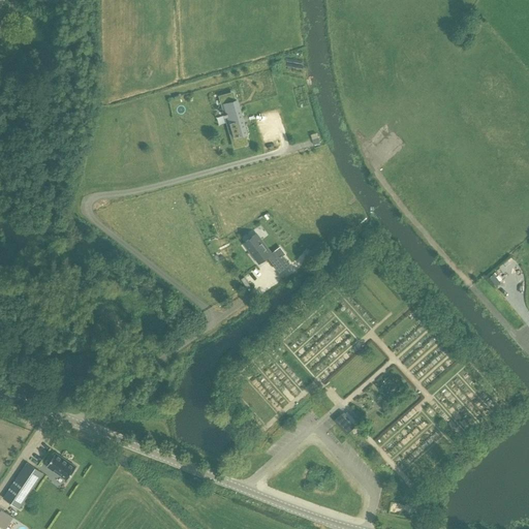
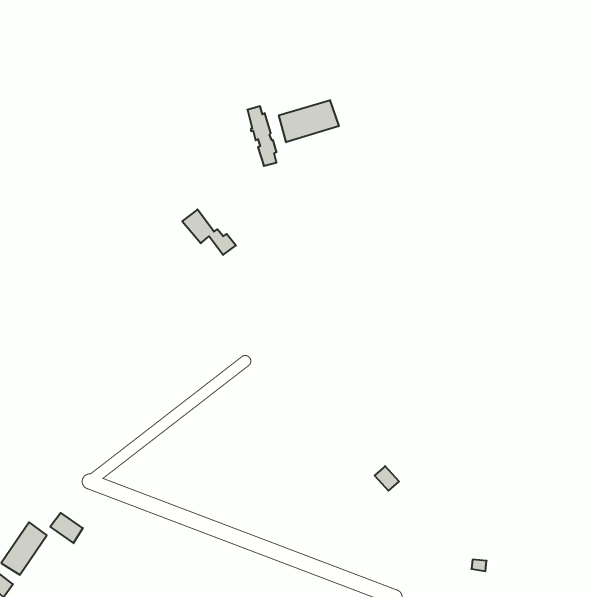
building: none -> [279,100,339,142]
building: [241,234,288,274] -> [182,209,236,255]

